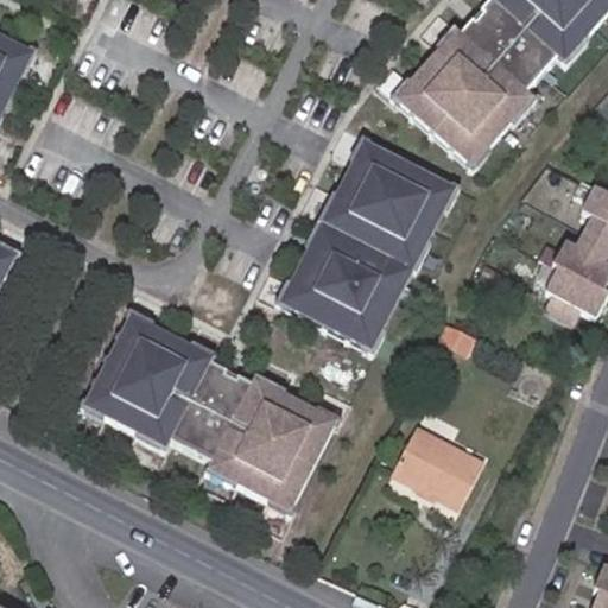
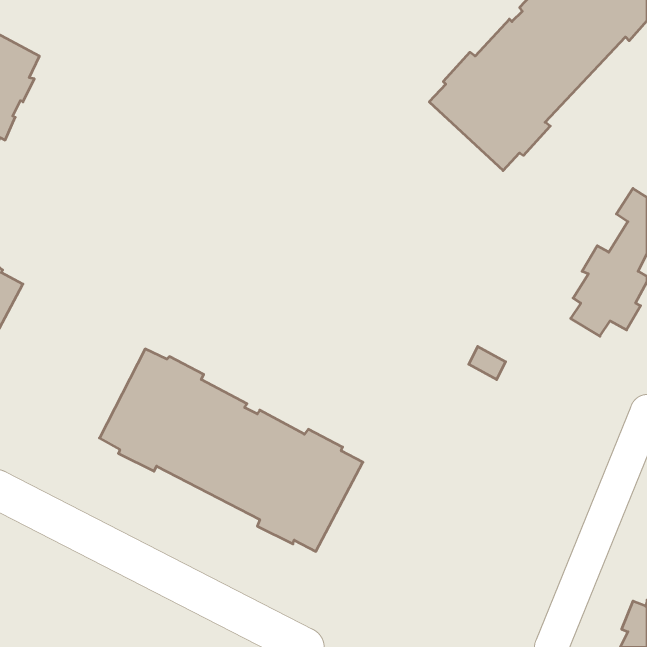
building: [284,137,452,340] -> none
building: [399,432,487,506] -> none

